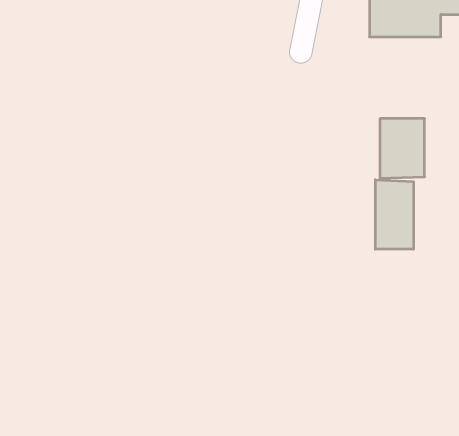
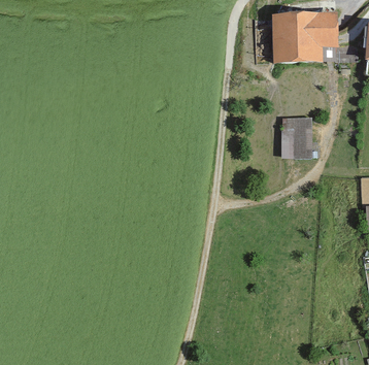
building: [375,180,413,249] -> none

